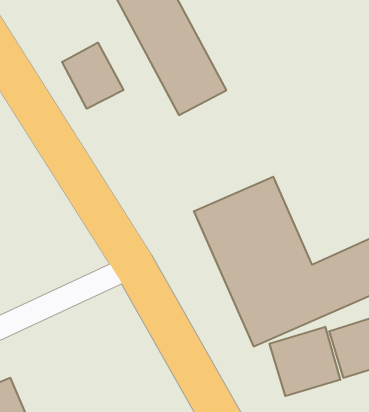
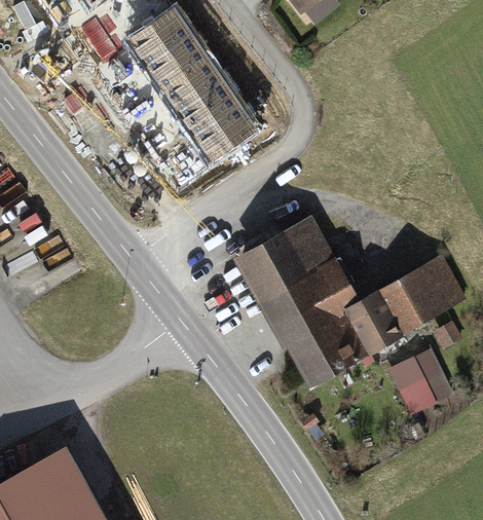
building: [62,43,123,109] -> none
building: [269,327,340,396] -> none

